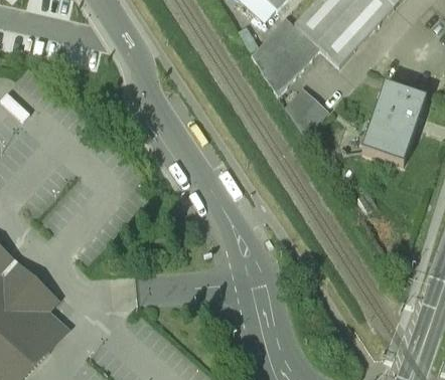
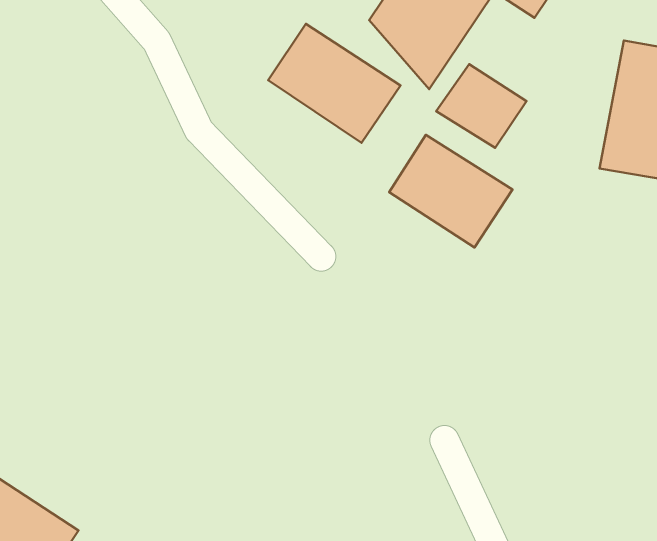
building: none -> [268,24,400,143]
building: none -> [389,135,513,248]

